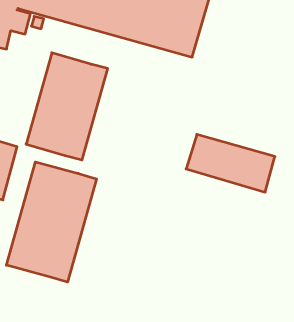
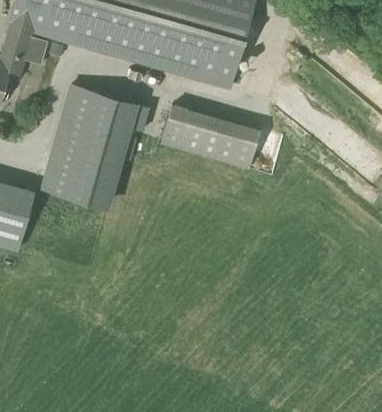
building: [186,134,275,192] -> [160,104,261,169]
building: [6,162,97,282] -> none

